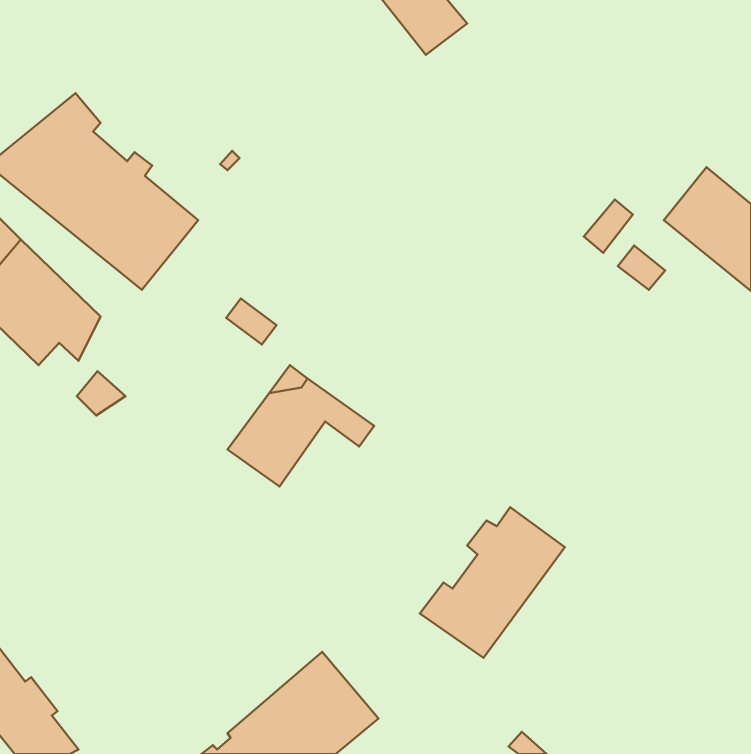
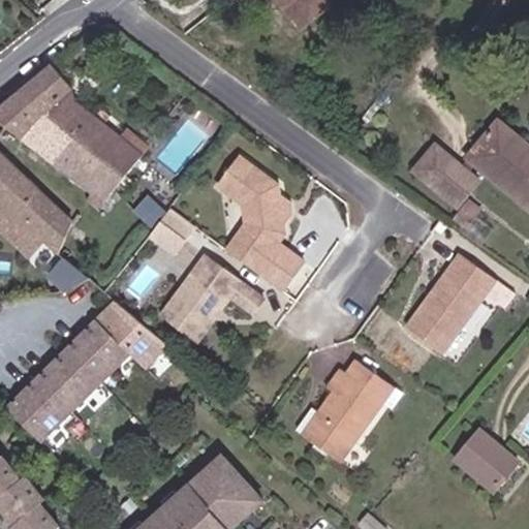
building: none -> [422,150,474,189]
building: none -> [215,158,303,291]
building: none -> [409,250,497,347]
building: none -> [9,300,168,441]
building: none -> [457,429,517,490]

